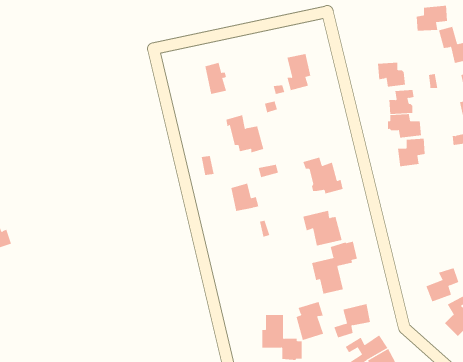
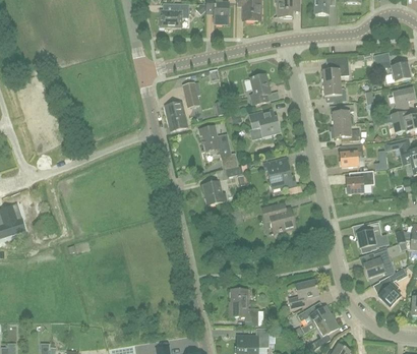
building: [416,5,448,31] -> [322,61,349,82]
building: none -> [164,99,188,130]
building: none -> [248,108,280,136]
building: none -> [347,170,373,194]
building: none -> [357,222,381,252]
building: [311,241,357,295] -> none
building: [296,301,324,341] -> none

